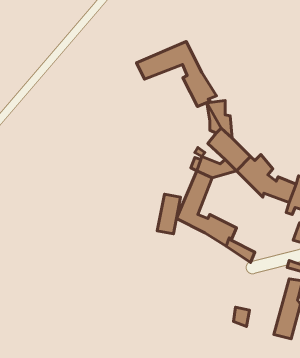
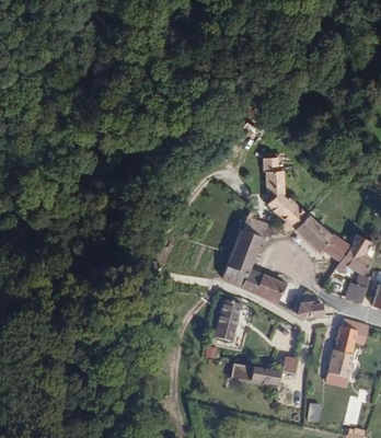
building: [137,42,217,107] -> none
building: [157,194,181,234] -> [213,308,239,350]
building: none -> [229,362,278,387]

